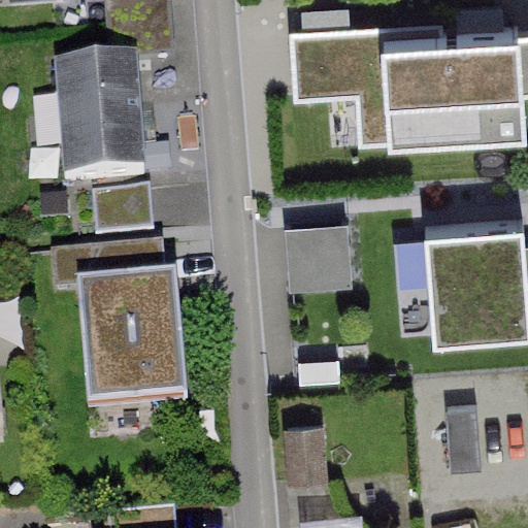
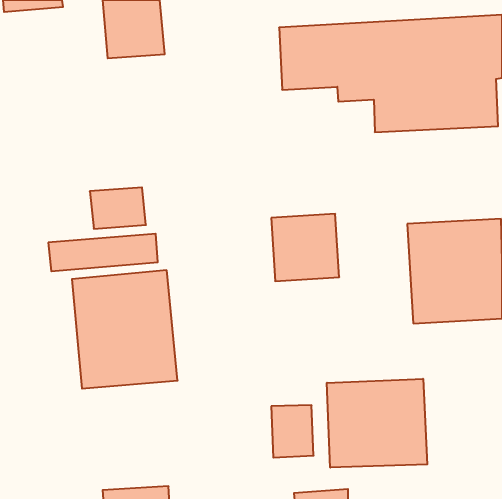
building: [60,67,146,190] -> none
building: none -> [327,379,427,468]

